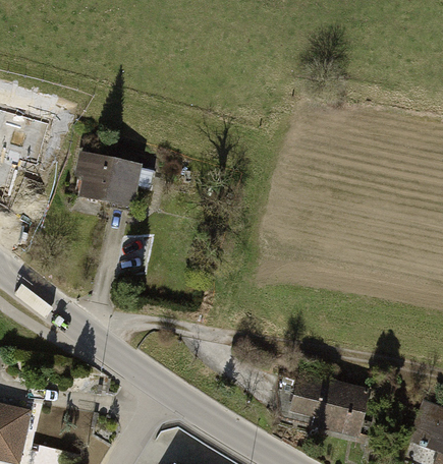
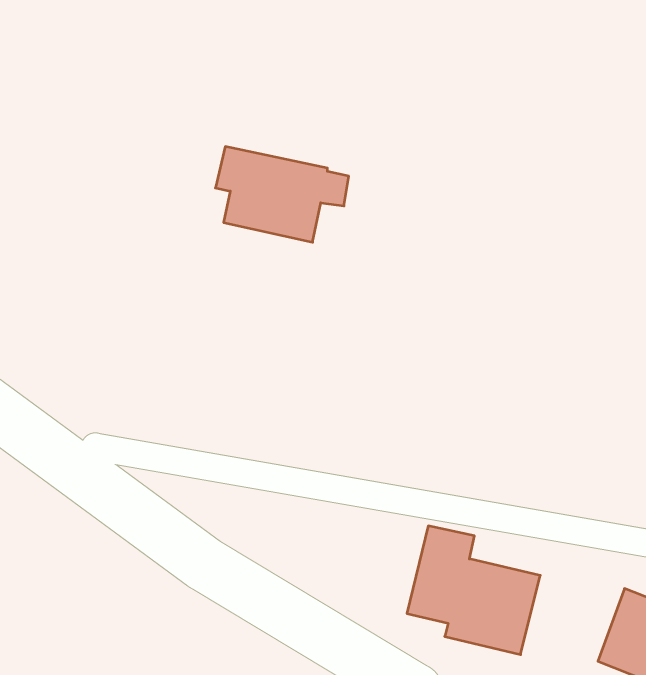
building: [72,152,155,211] -> [215,147,349,242]

